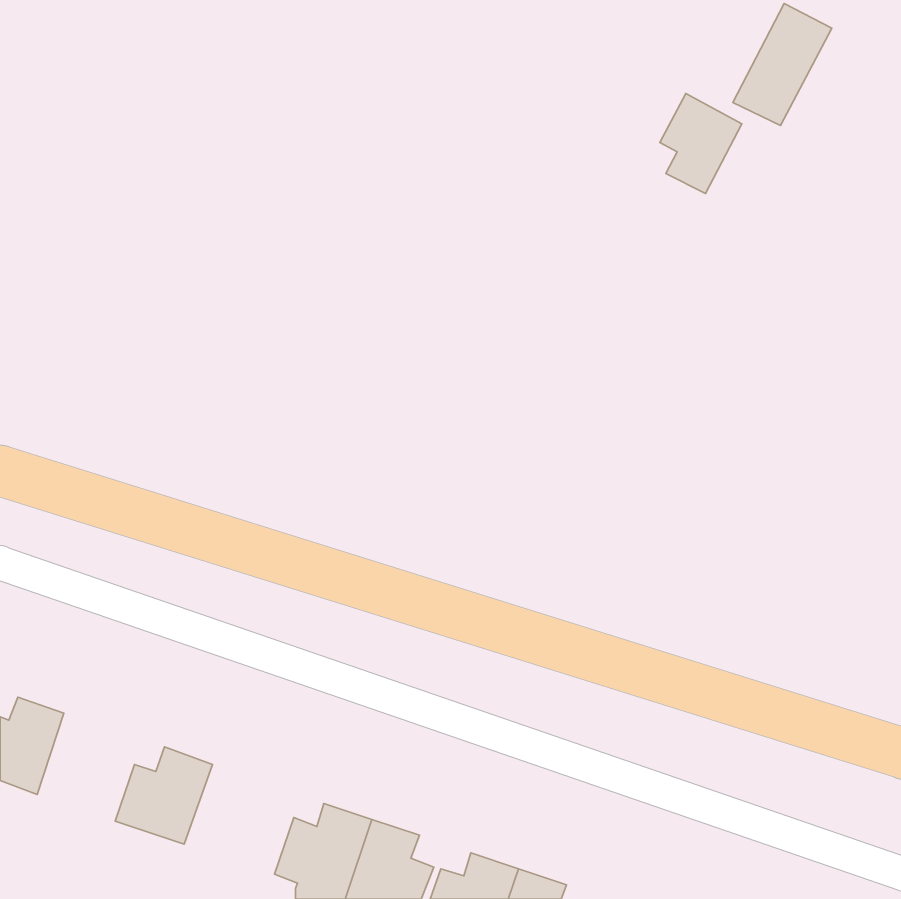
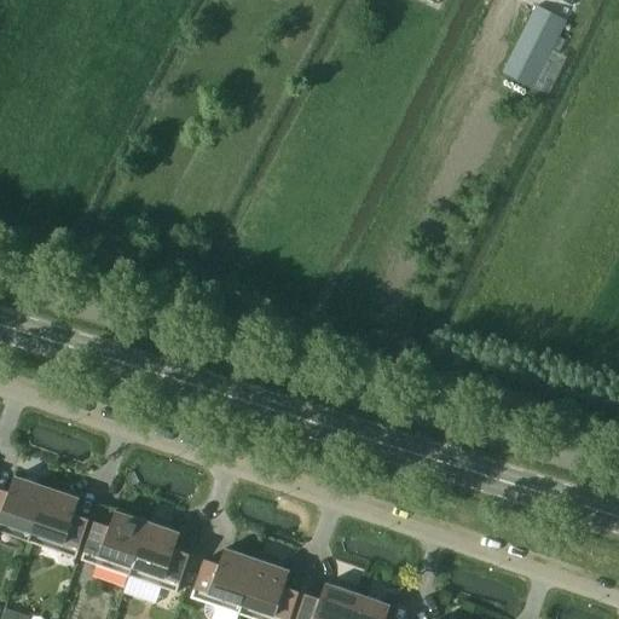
building: [660,93,742,194] -> none
building: none -> [28,487,88,559]
building: none -> [128,522,189,592]

